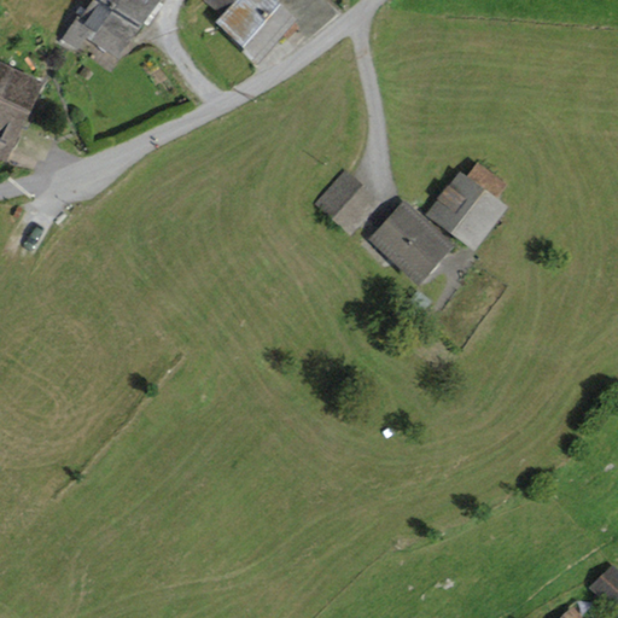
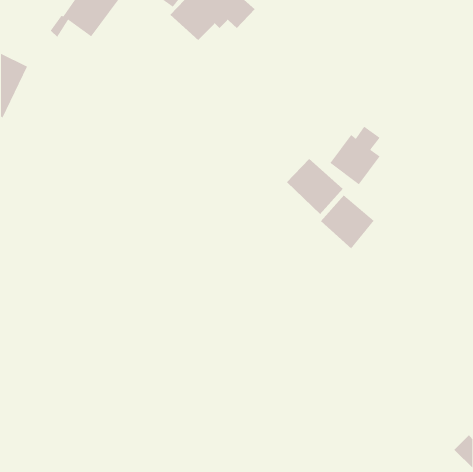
building: [322,177,373,228] -> none
building: none -> [320,195,375,249]

